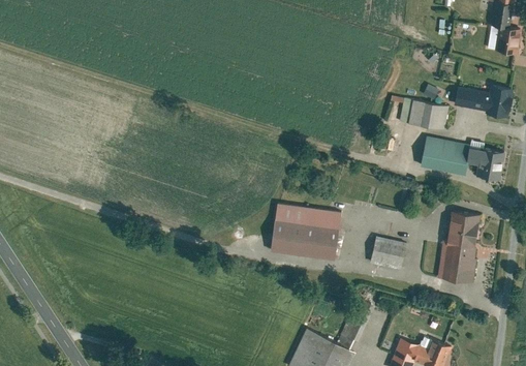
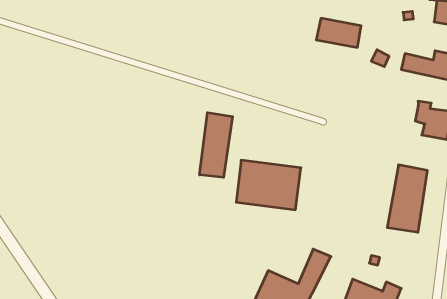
building: [399,97,448,129] -> [316,18,361,47]
building: [419,135,471,174] -> none
building: none -> [200,113,233,177]
building: [370,237,406,269] -> none

